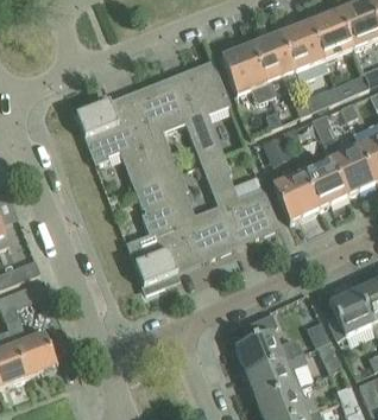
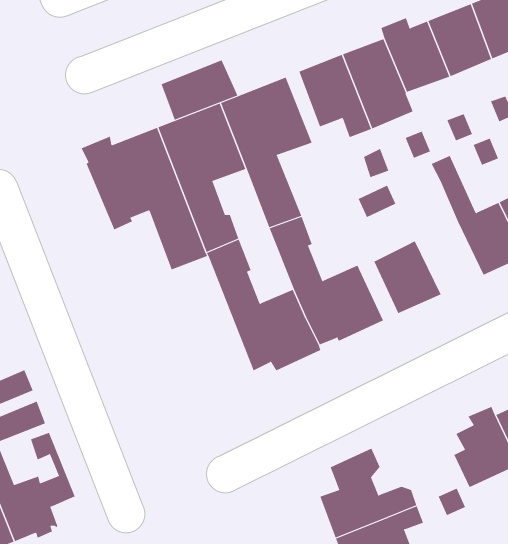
building: none -> [161,59,238,121]
building: [301,158,347,208] -> none
building: [126,182,190,291] -> none

